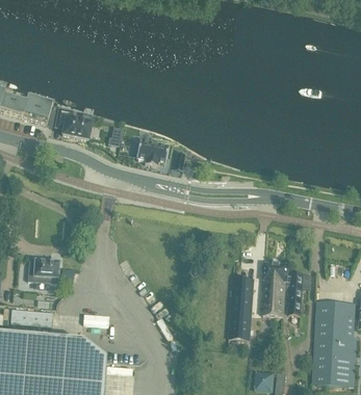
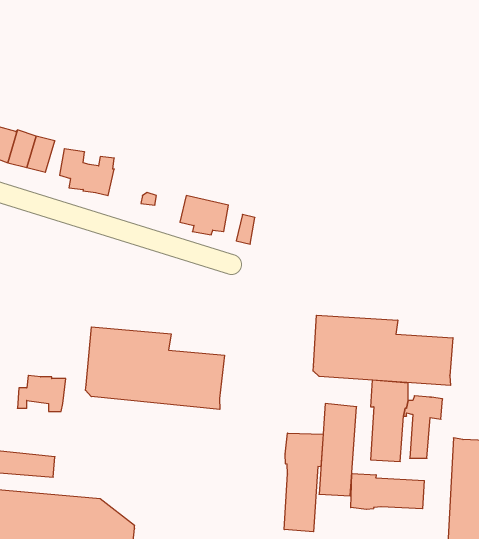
building: none -> [313,315,453,385]
building: none -> [85,327,224,409]
building: none -> [284,433,323,532]
building: none -> [351,473,424,509]

